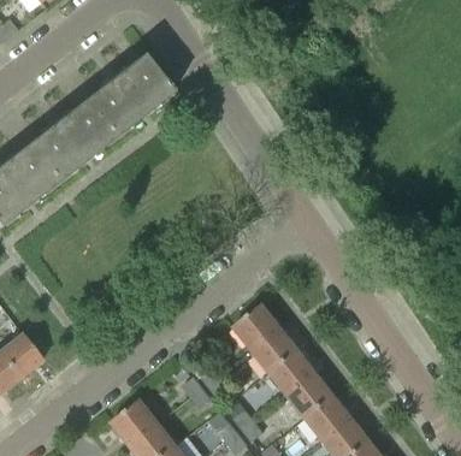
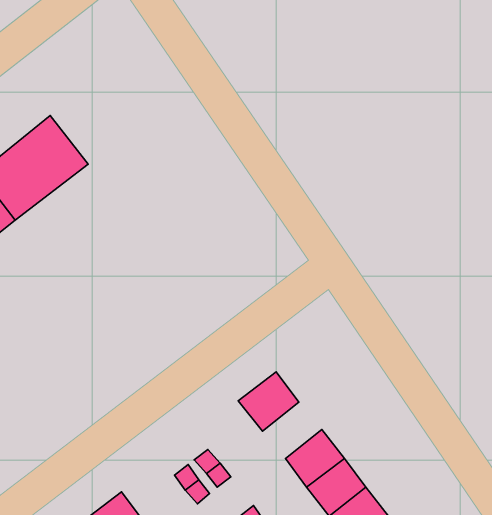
building: [84,57,172,140] -> none
building: [253,328,300,373] -> none

